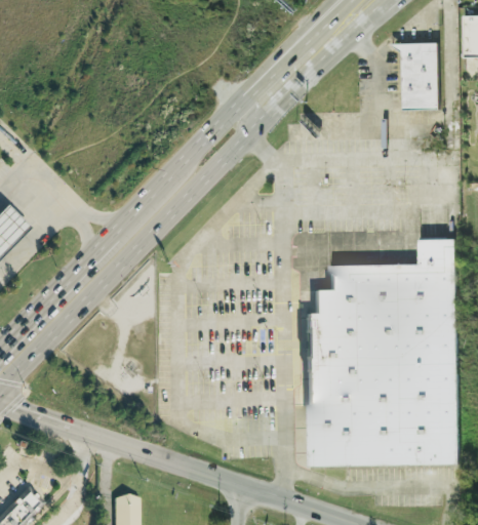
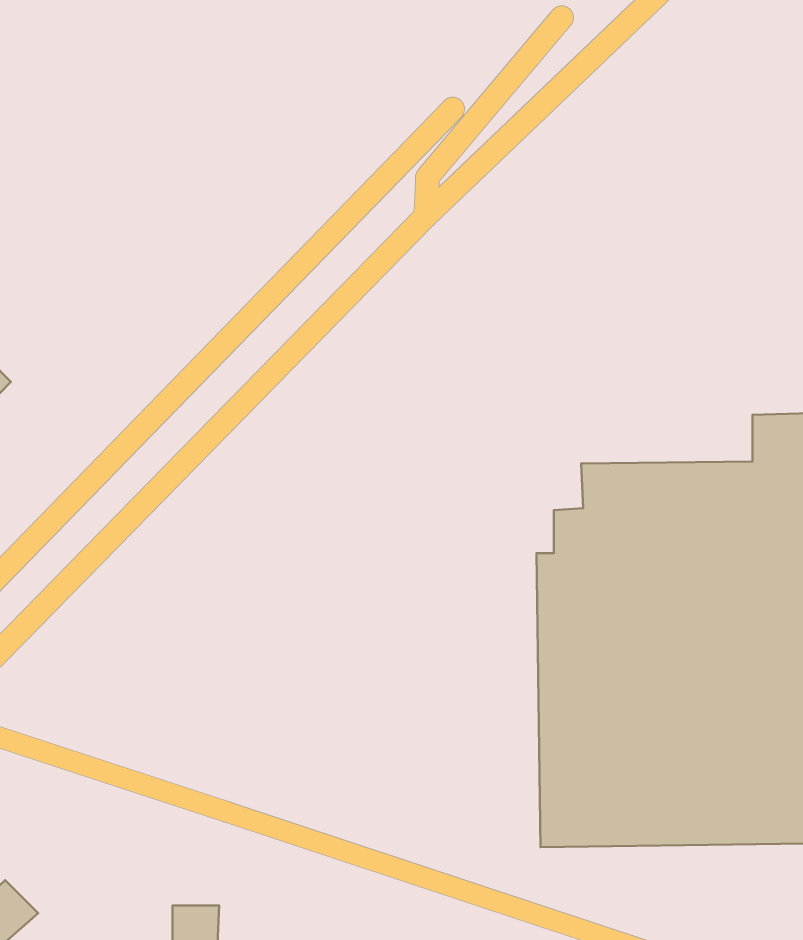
building: [391,42,438,110] -> none

